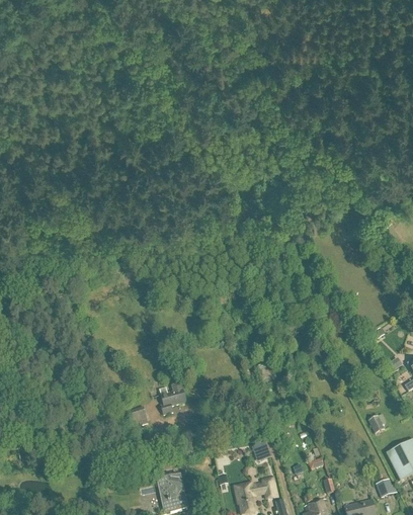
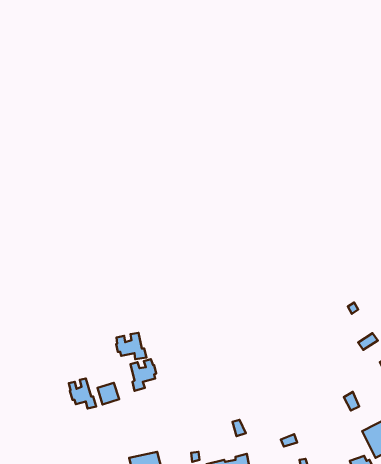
building: none -> [116,333,146,359]
building: none -> [69,378,96,409]

